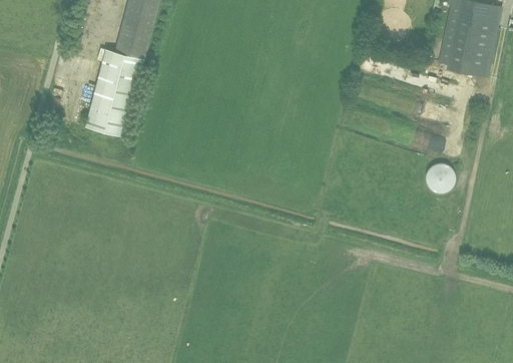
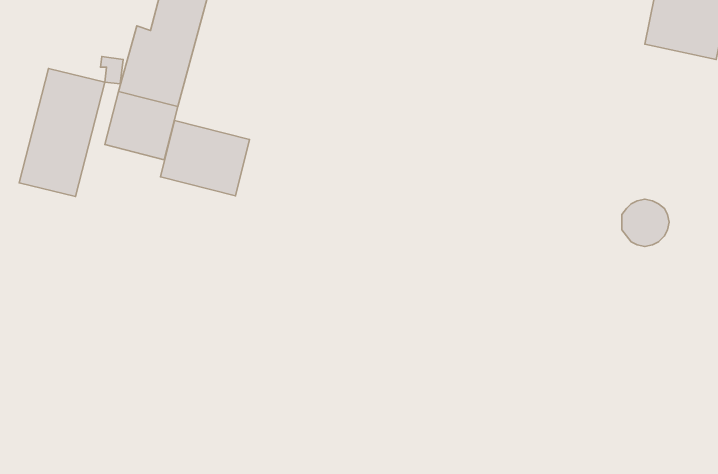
building: none -> [19,69,105,197]
building: none -> [160,120,250,196]

